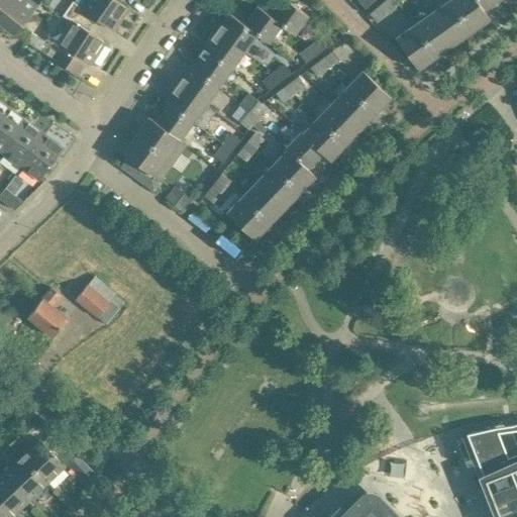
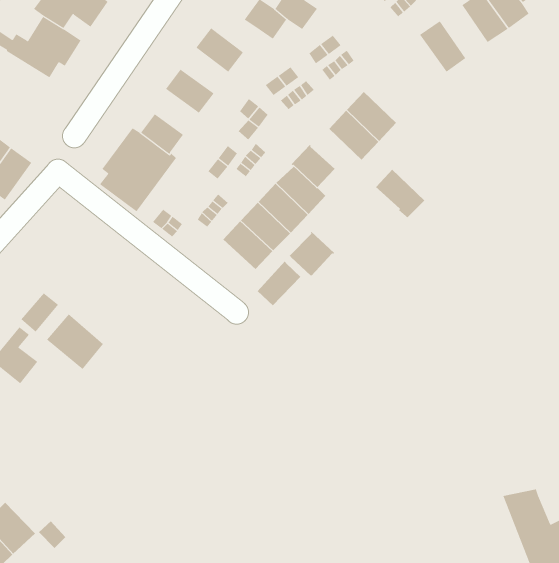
building: [413,13,453,59] -> none
building: [216,14,257,54] -> none
building: [190,49,231,89] -> none
building: [347,72,391,114] -> none
building: [164,85,206,124] -> none
building: [302,119,345,162] -> [375,169,425,218]
building: none -> [289,231,335,276]
building: none -> [257,261,301,306]
building: none -> [20,293,59,332]

